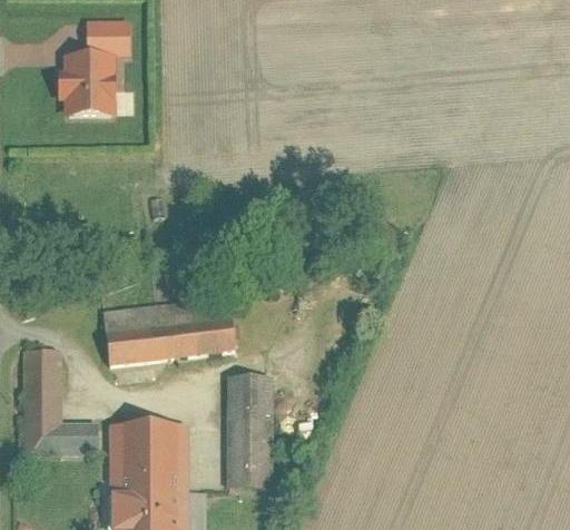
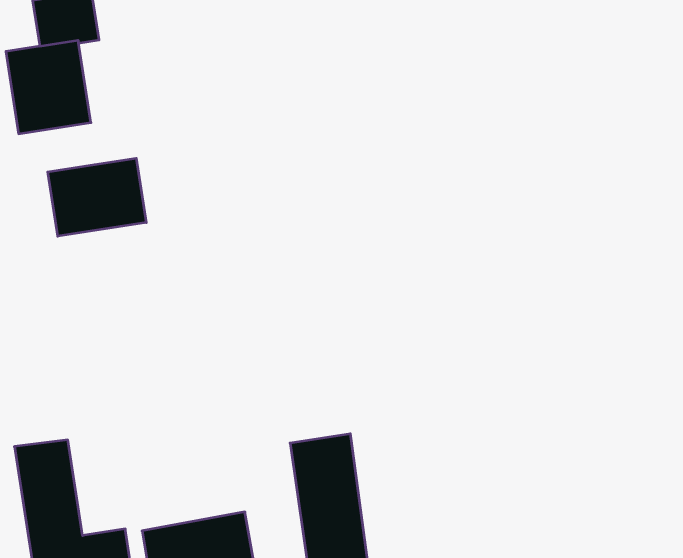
building: none -> [48,158,146,236]
building: [104,303,234,363] -> none

